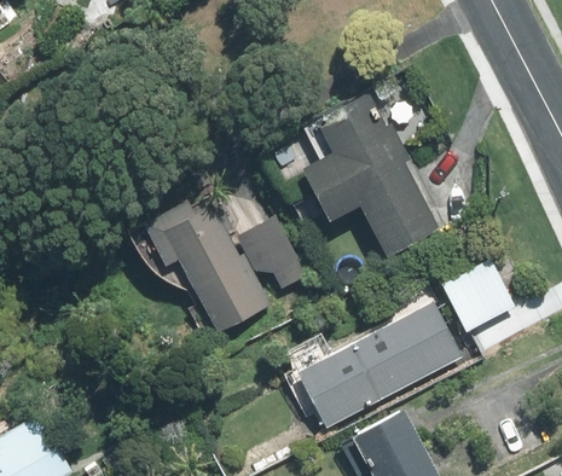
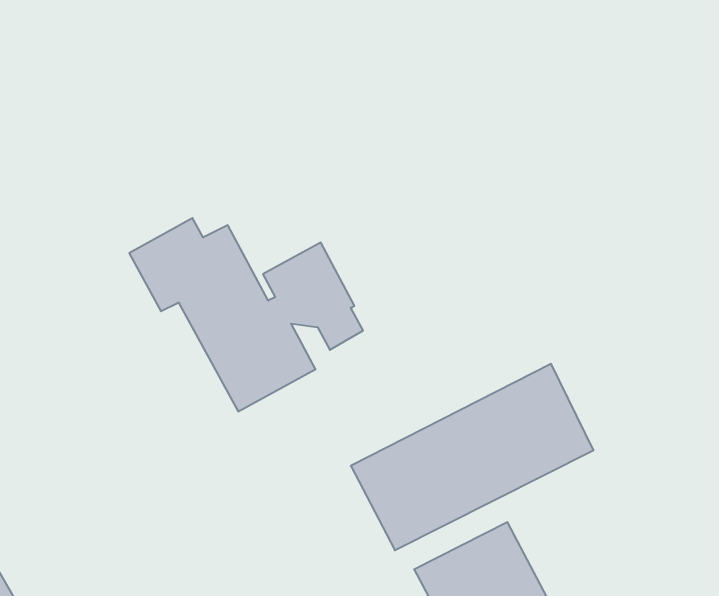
building: [301,91,439,256] -> none
building: [440,257,515,332] -> none

